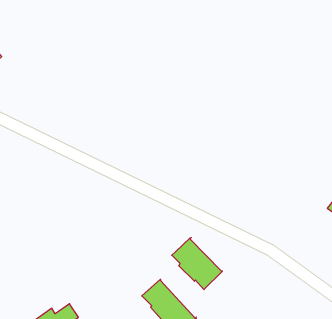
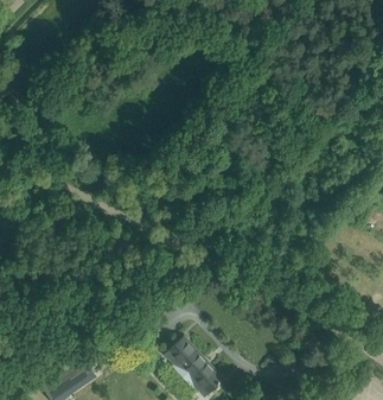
building: [172,238,222,290] -> none

